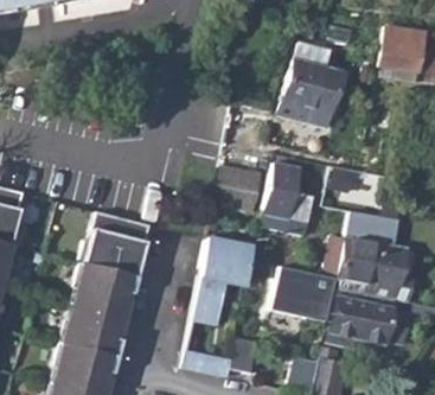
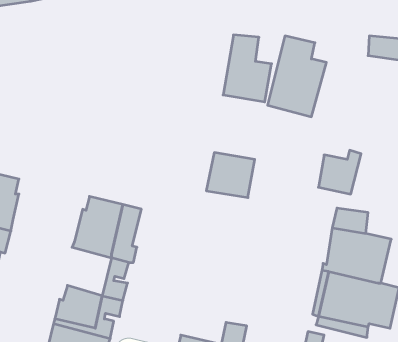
building: [264,164,314,232] -> [223,35,272,102]
building: [196,237,254,321] -> none
building: [75,261,120,311] -> none
building: [277,273,330,327] -> none

